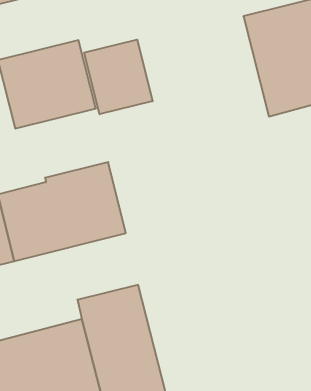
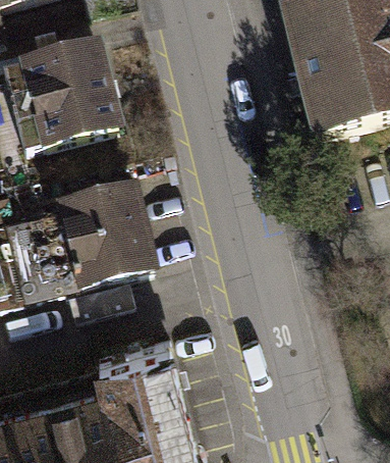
building: [84,40,153,114] -> none

